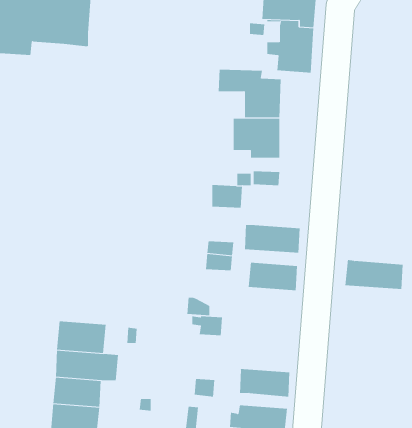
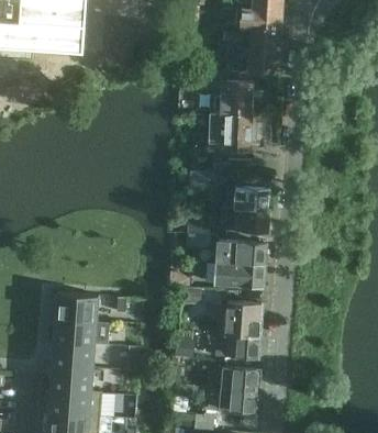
building: none -> [224,189,270,213]
building: [345,259,403,289] -> [213,264,265,290]
building: none -> [214,304,263,340]

